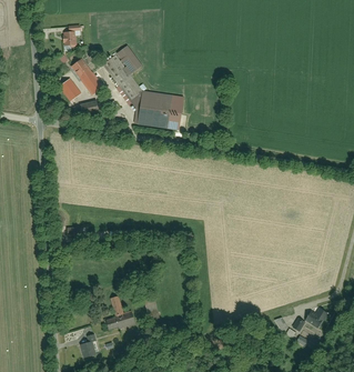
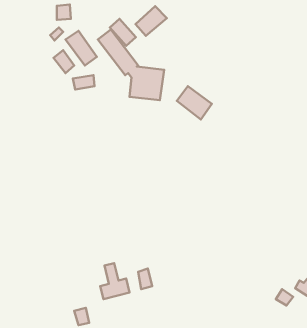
building: none -> [136,6,167,36]
building: none -> [177,86,212,120]

